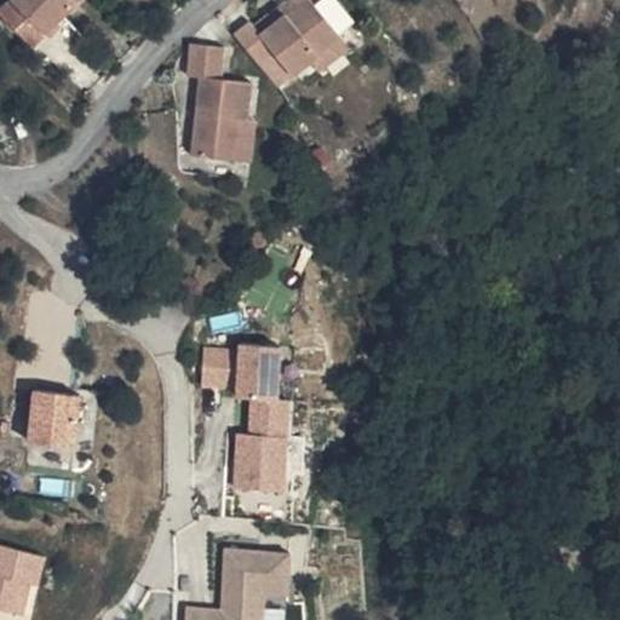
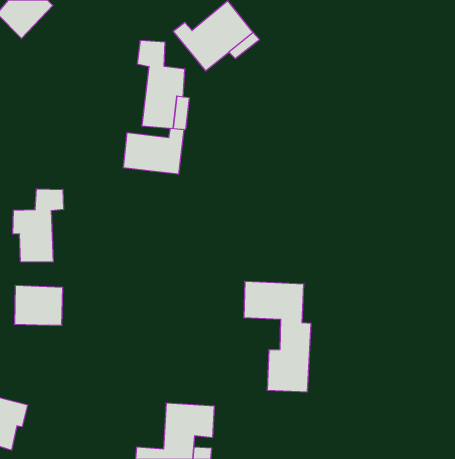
building: none -> [123,128,184,174]
building: none -> [13,189,63,262]
building: [200,339,291,488] -> [244,281,311,392]

